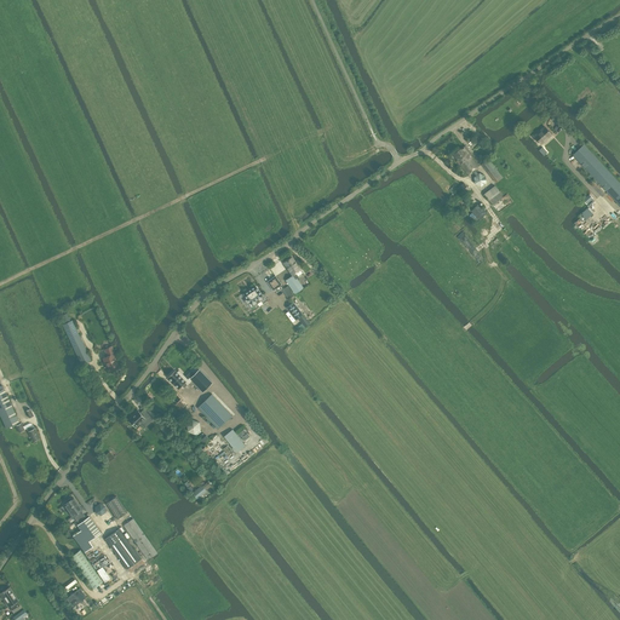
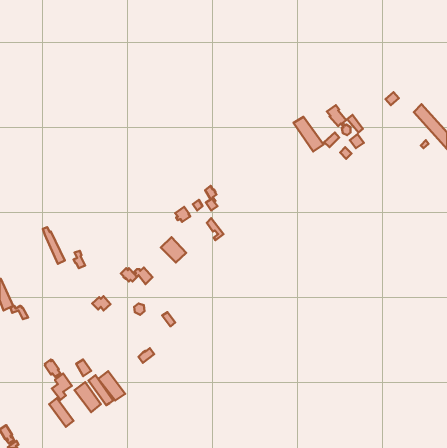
building: none -> [293,117,324,152]
building: [196,394,231,429] -> [161,237,186,262]
building: none -> [98,371,125,401]

